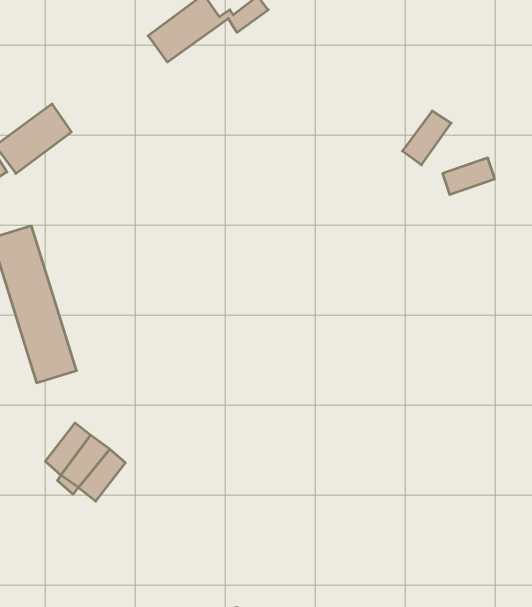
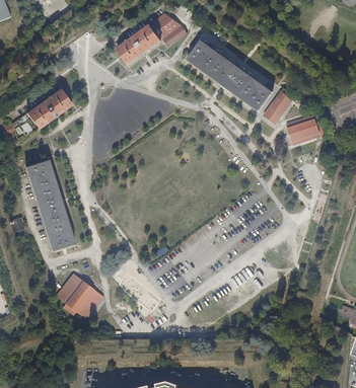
building: none -> [187,41,273,111]

